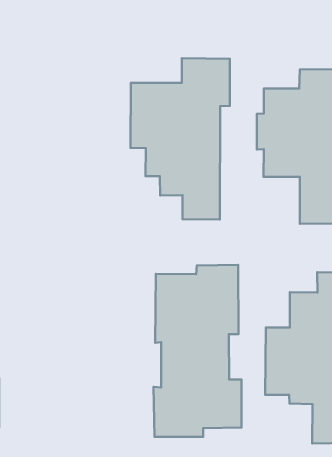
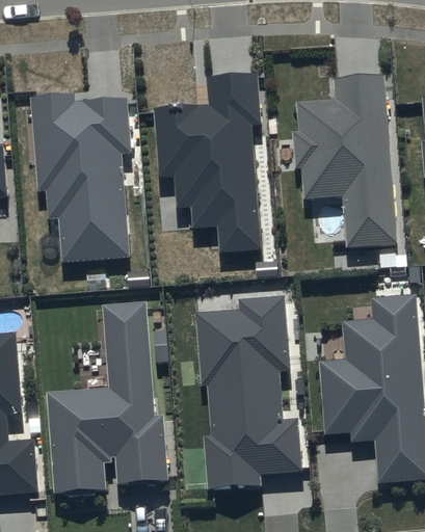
building: none -> [30,94,131,262]
building: none -> [48,302,167,494]

